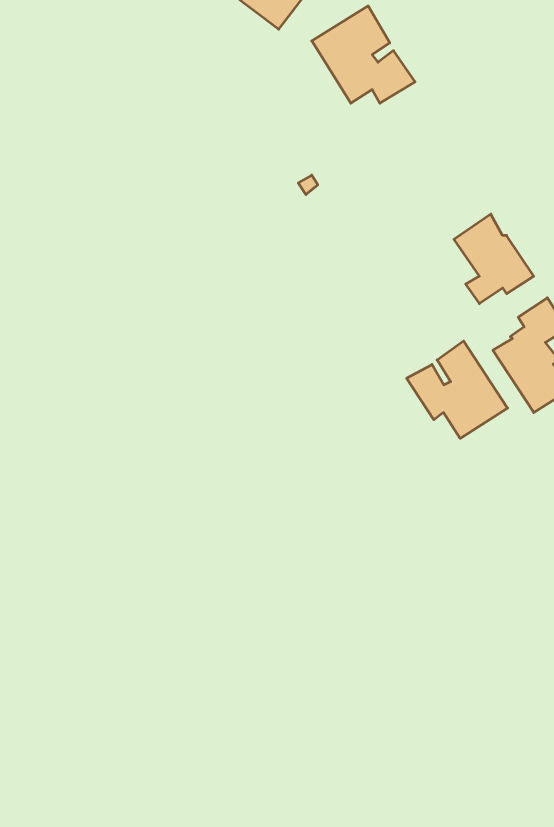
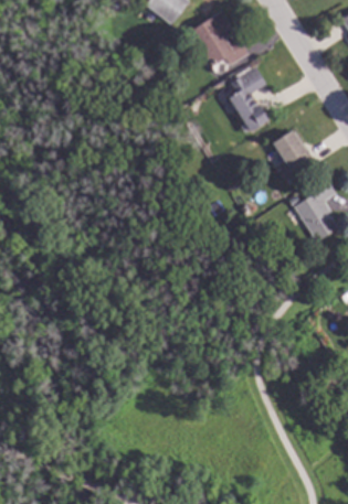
building: none -> [229,67,267,131]
building: [407,341,508,438] -> none

